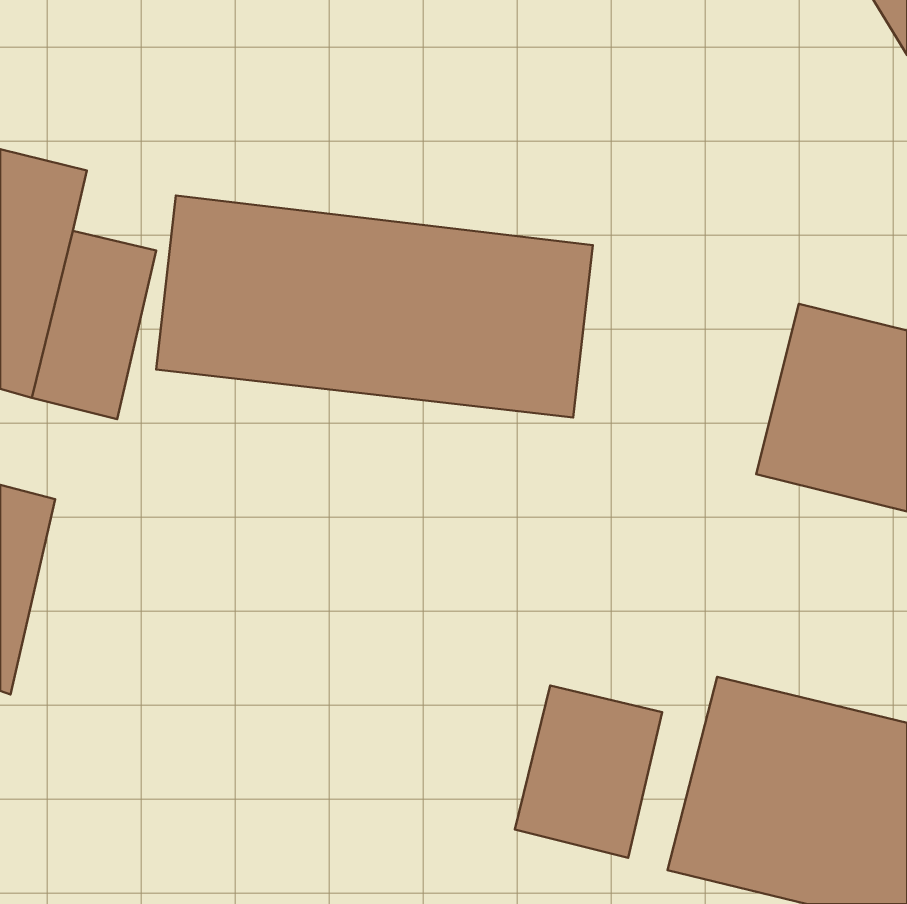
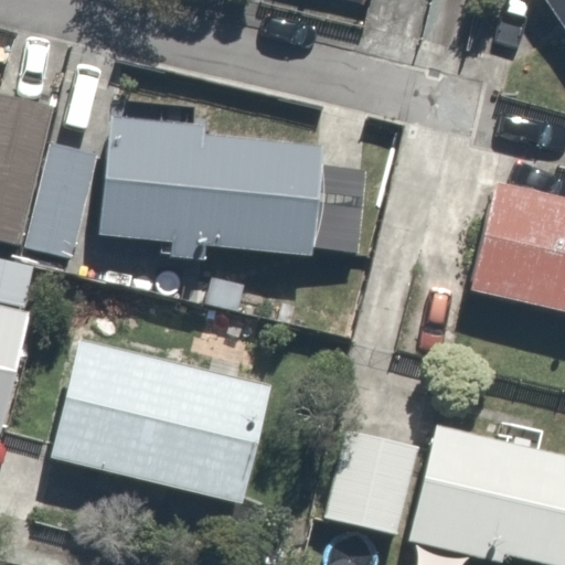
building: none -> [46,338,276,505]

